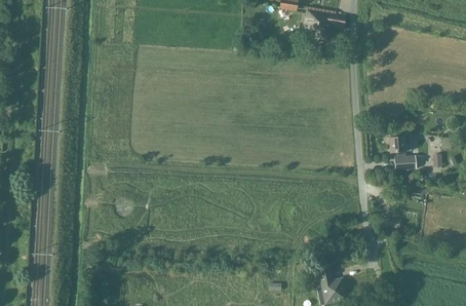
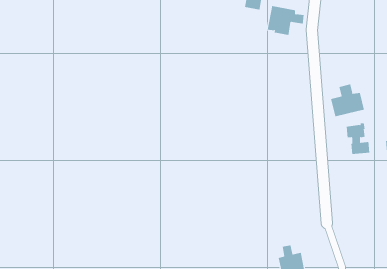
building: none -> [331,84,364,117]

